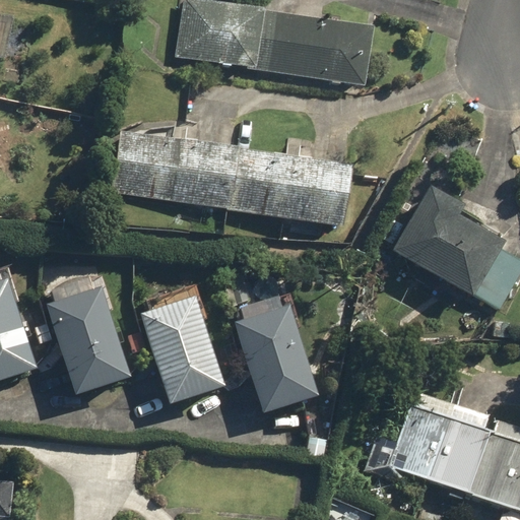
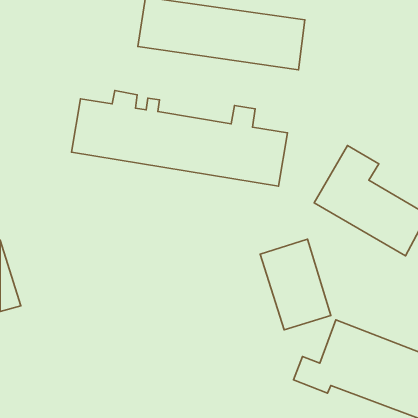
building: [38,288,126,398] -> none
building: [131,299,226,407] -> none
building: [232,303,318,413] -> [260,239,331,330]

